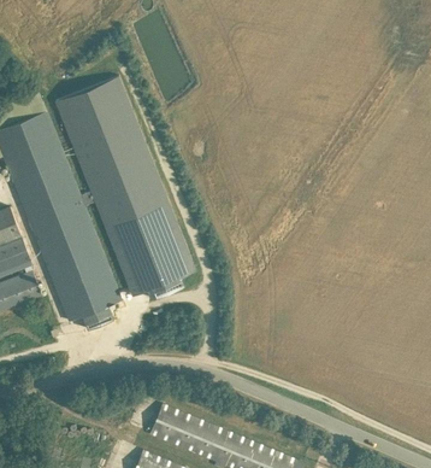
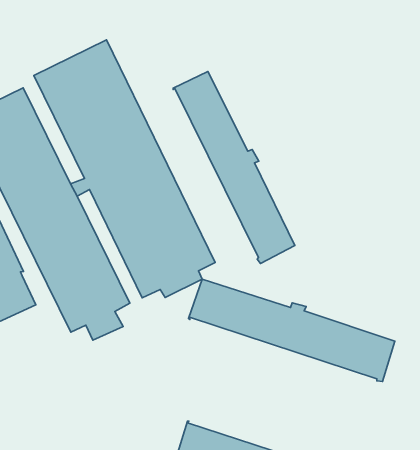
building: none -> [173,72,295,263]
building: none -> [188,279,395,382]

